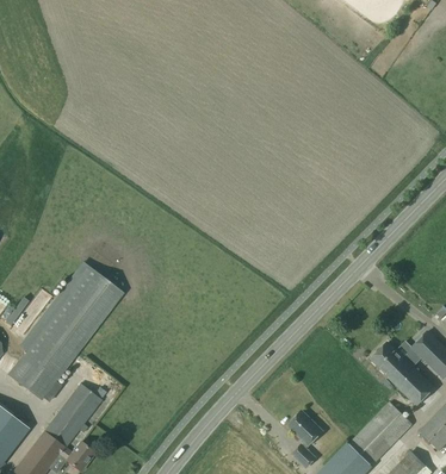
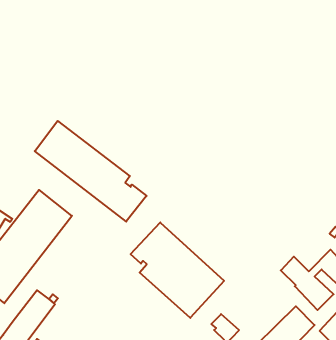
building: none -> [35,121,147,222]
building: none -> [131,222,224,318]

